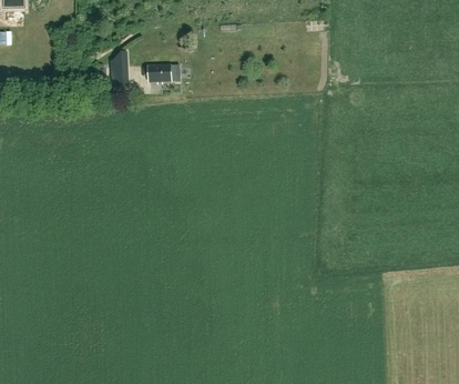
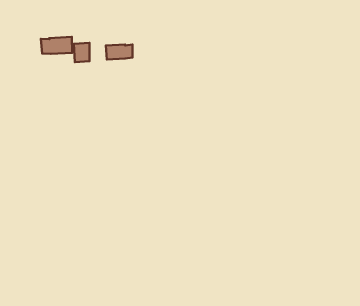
building: none -> [41,37,72,54]

